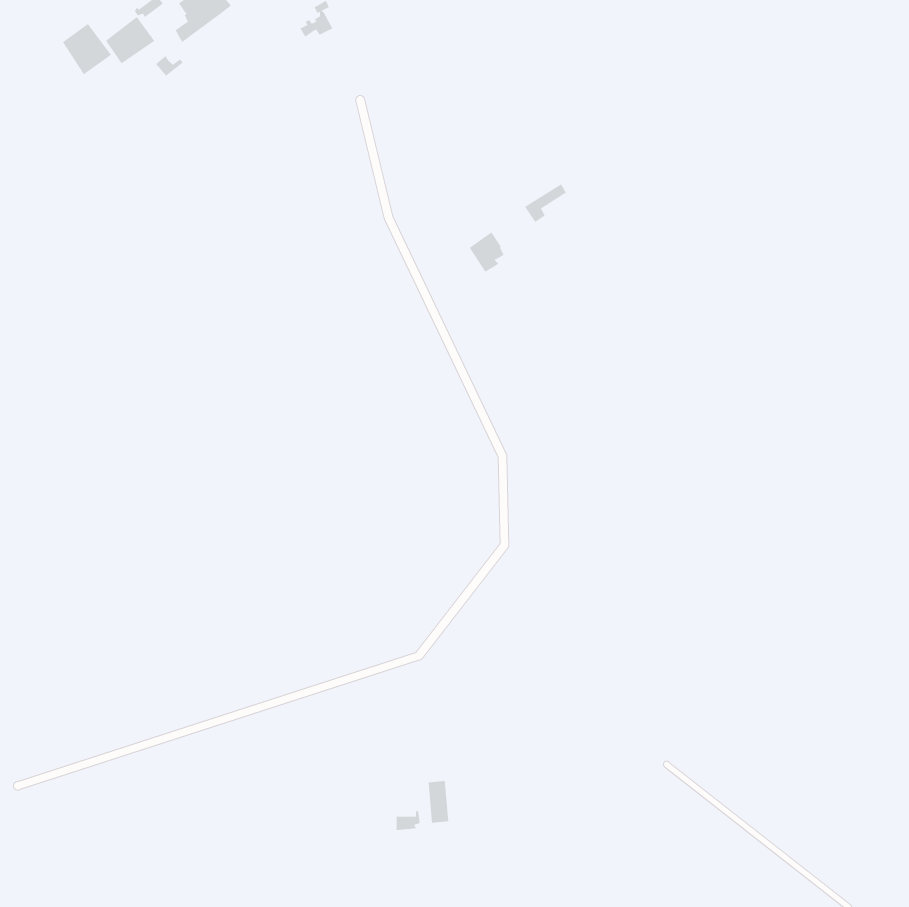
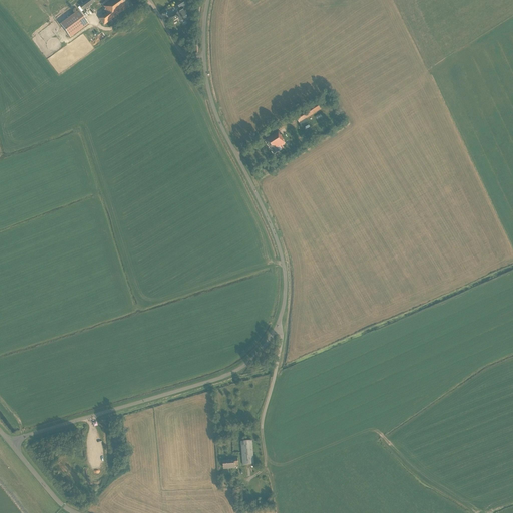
building: [62,23,112,75] -> none

